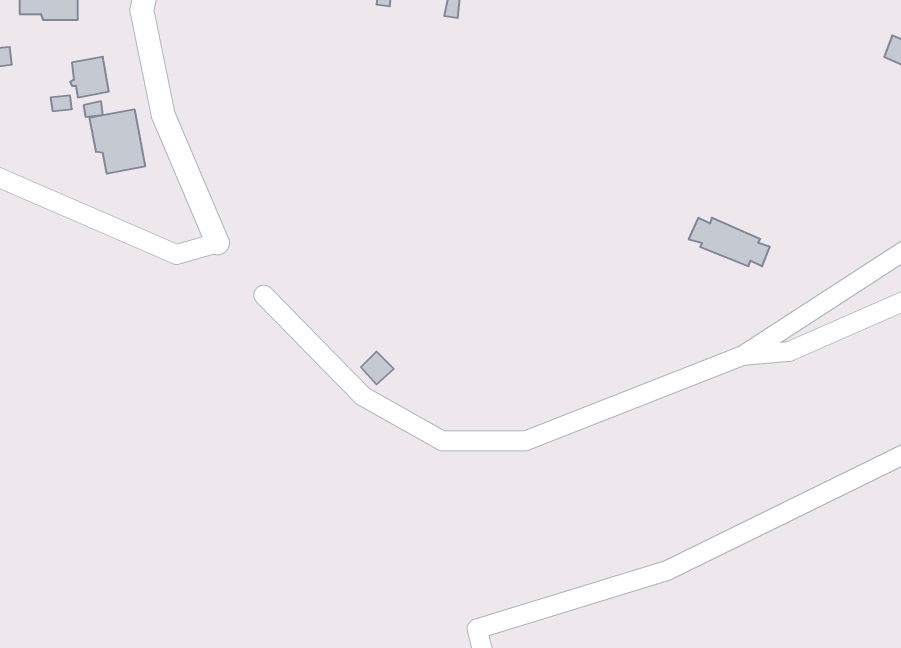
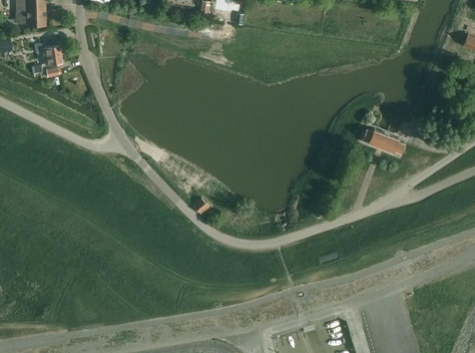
building: [90,109,145,174] -> none

